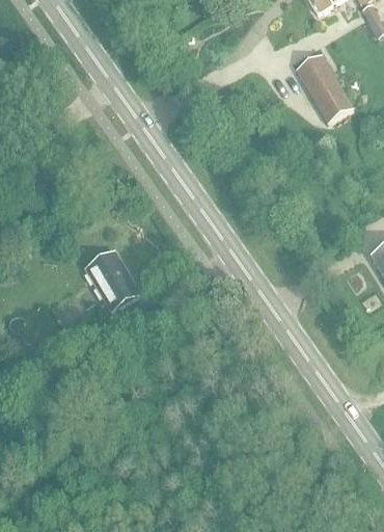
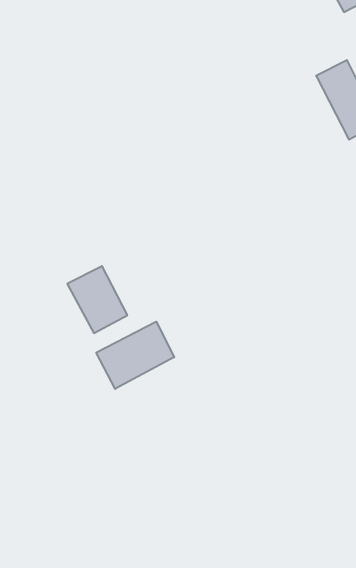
building: none -> [96,322,174,389]

